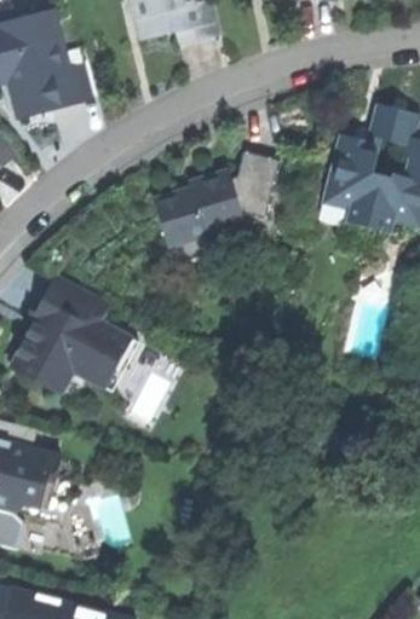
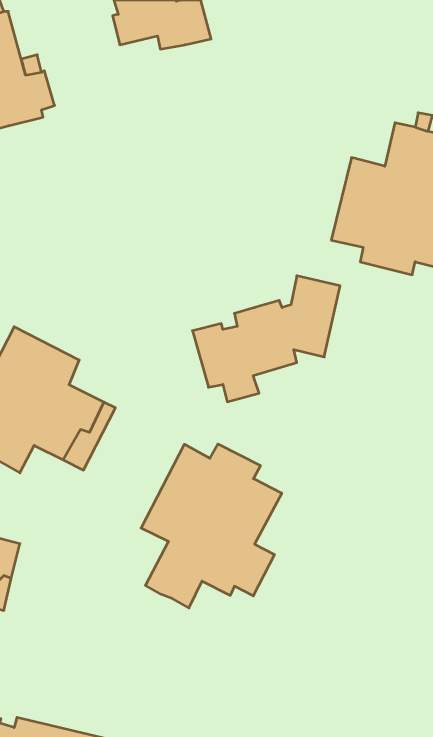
building: [155,152,278,258] -> [192,276,340,402]
building: none -> [141,444,282,608]

